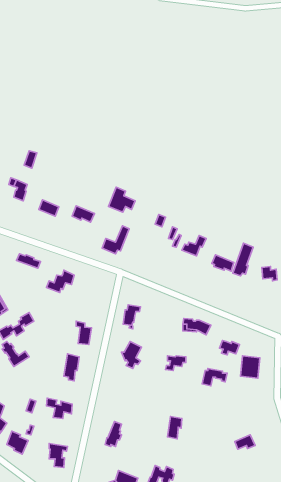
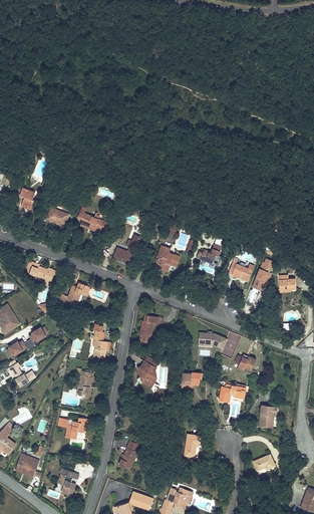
building: [108,187,135,212] -> [154,247,183,273]
building: [240,356,260,378] -> [260,406,280,429]

